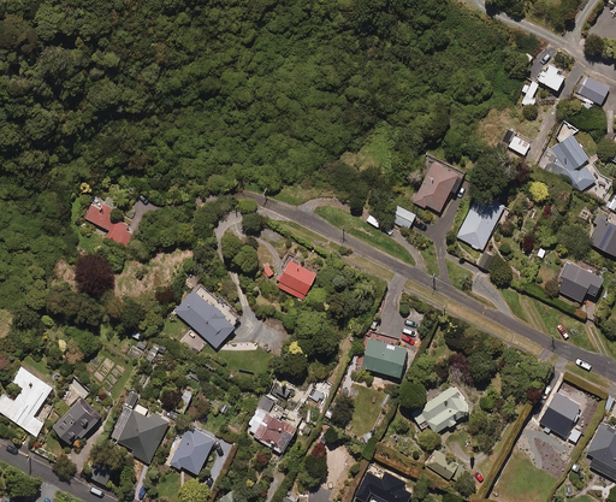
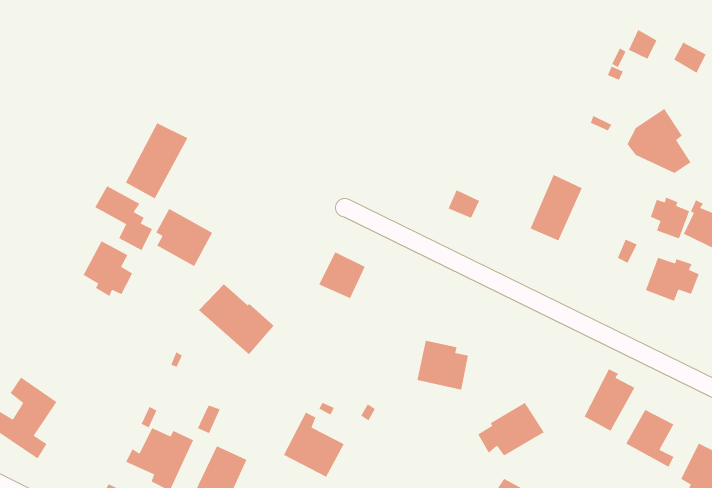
building: none -> [125,122,189,199]
building: [410,156,461,211] -> none
building: none -> [650,196,690,240]
building: none -> [155,208,213,267]
building: none -> [82,240,133,297]
building: none -> [583,368,635,432]
building: [52,394,102,443] -> none

